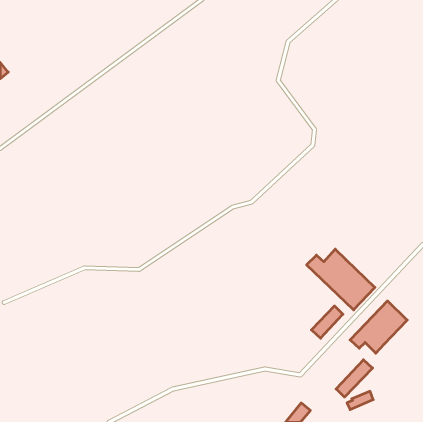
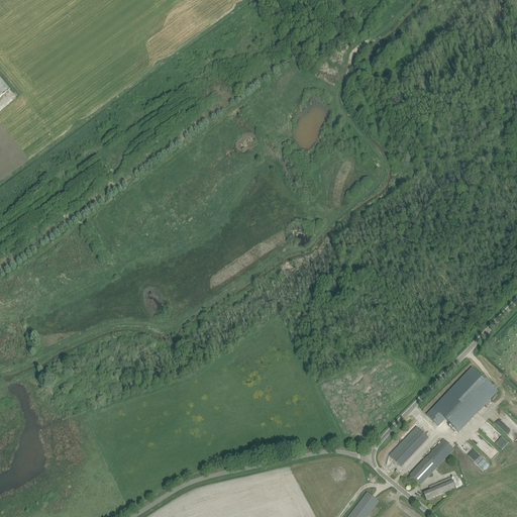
building: [307,249,375,310] -> none
building: [311,306,343,338] -> [389,425,427,464]

